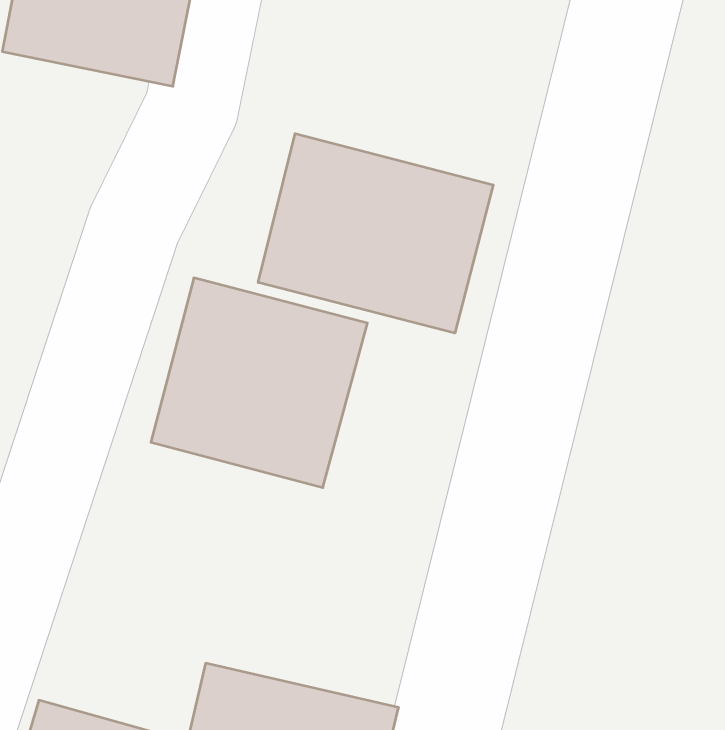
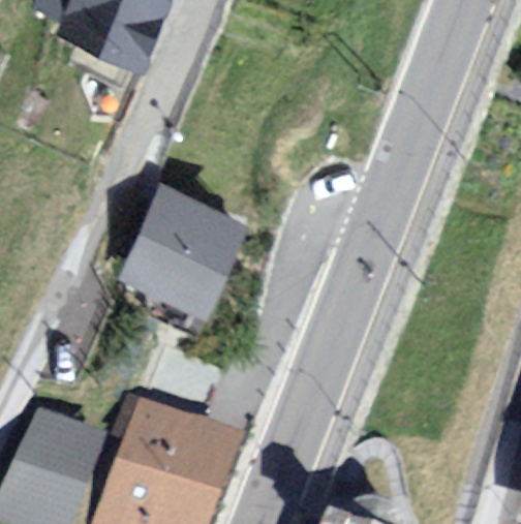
building: [258,134,493,333] -> none

